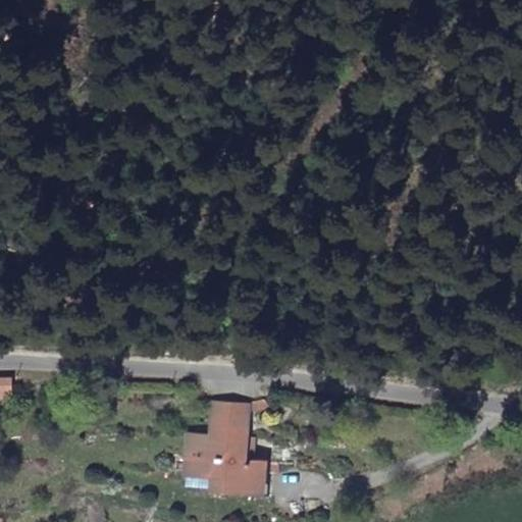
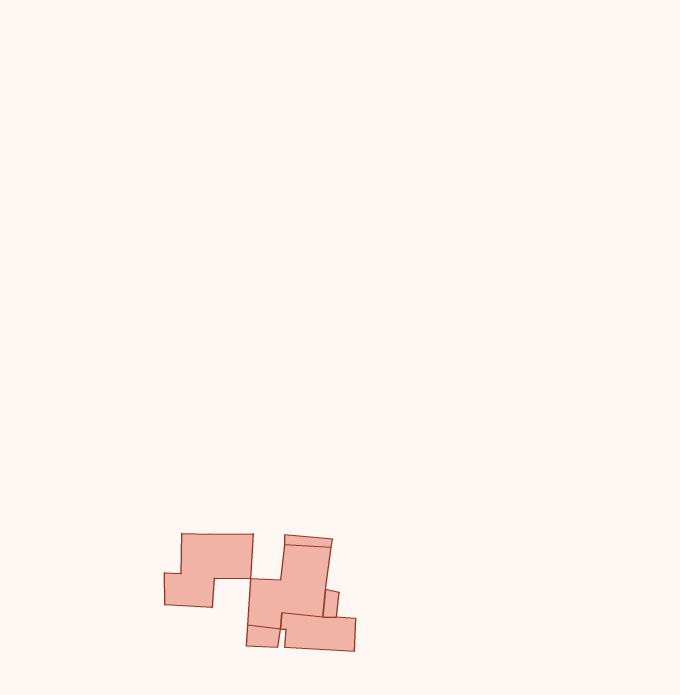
building: none -> [165,533,253,608]

